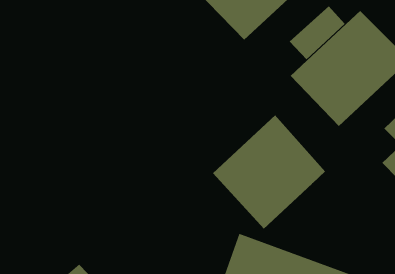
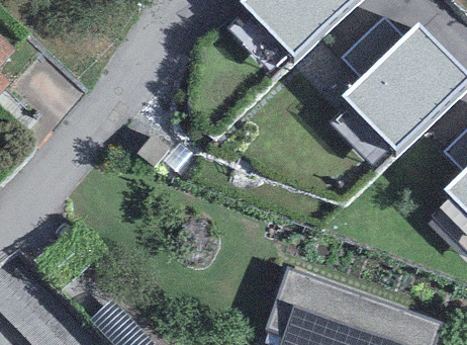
building: [212,114,326,230] -> none

